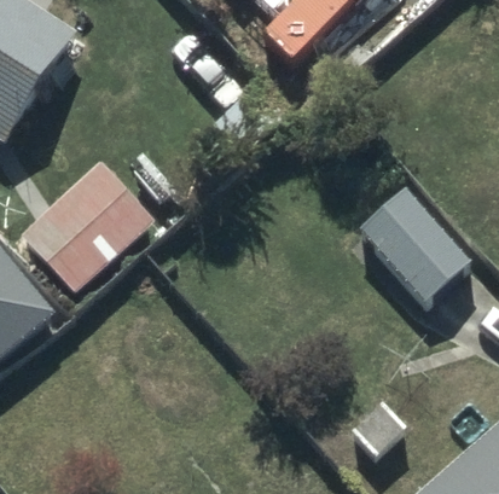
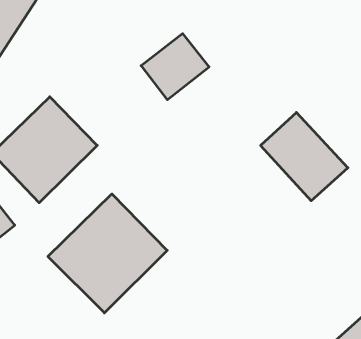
building: none -> [48,194,167,313]

